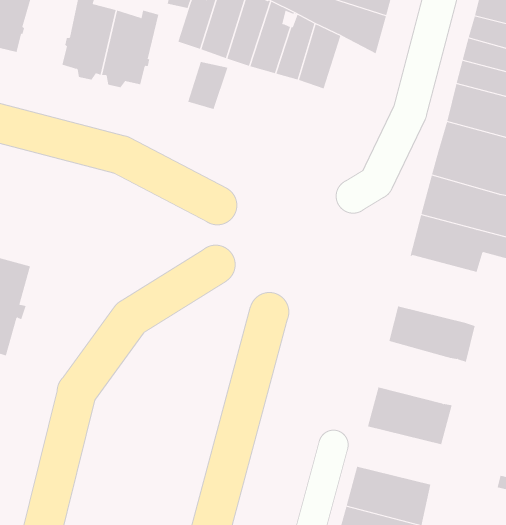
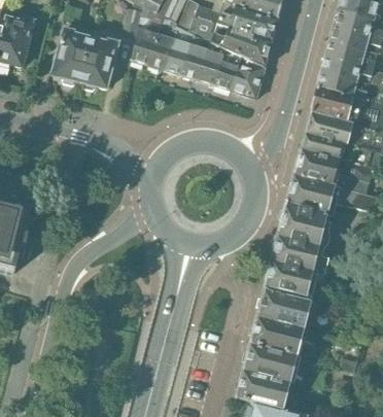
building: none -> [228,54,263,98]
building: [187,61,228,110] -> none
building: none -> [277,202,333,247]
building: none -> [264,259,317,298]
building: none -> [249,317,307,356]

